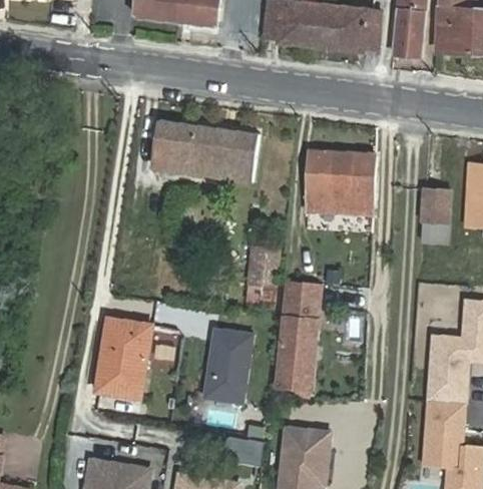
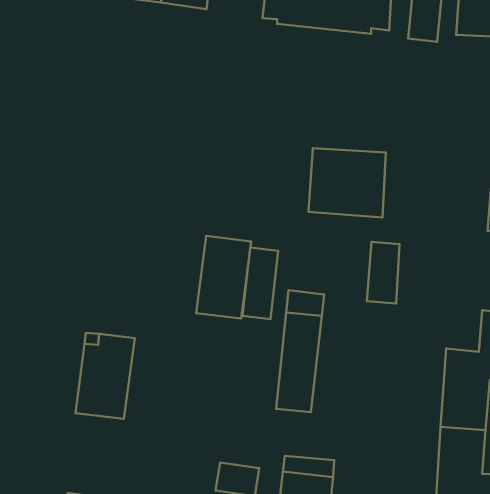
building: [155,119,259,178] -> none
building: [419,189,448,244] -> [367,242,399,303]
building: [205,324,255,398] -> [196,236,251,319]

